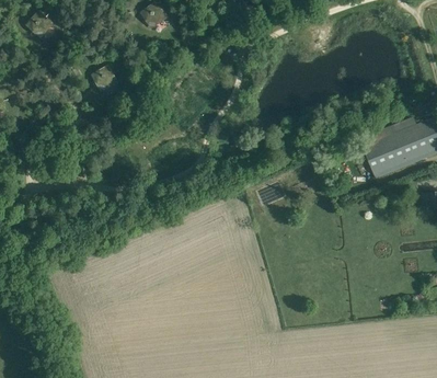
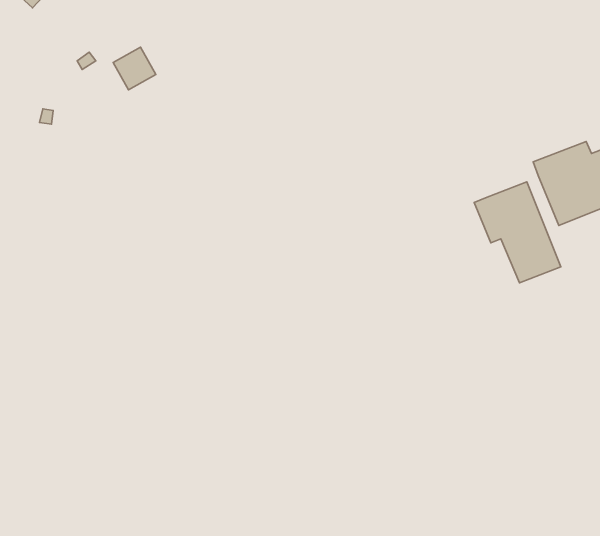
building: none -> [474,182,561,283]

